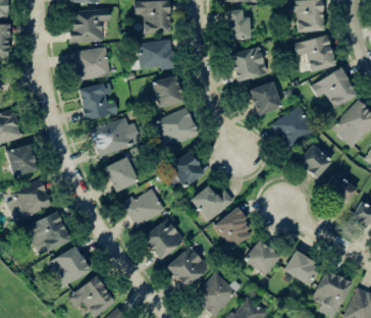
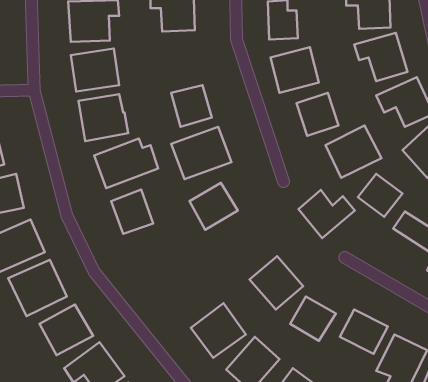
building: [138,40,175,69] -> none
building: [191,184,234,222] -> [299,190,355,238]
building: [122,189,165,226] -> none
building: [143,218,184,260] -> none

